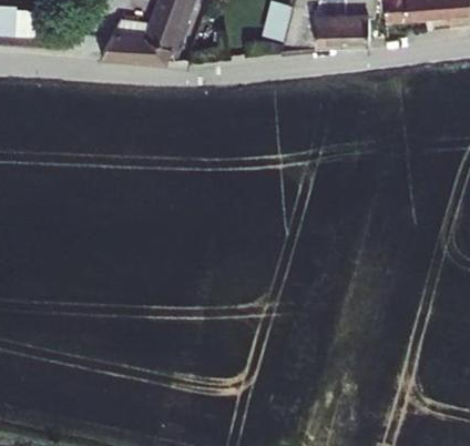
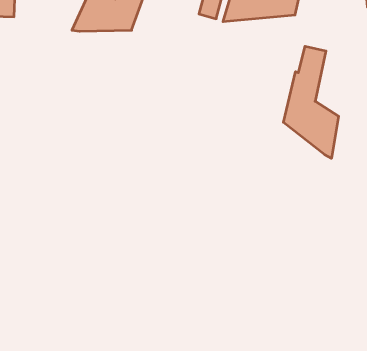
building: none -> [283,46,339,158]

